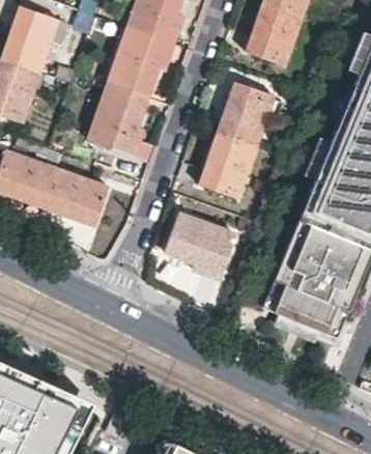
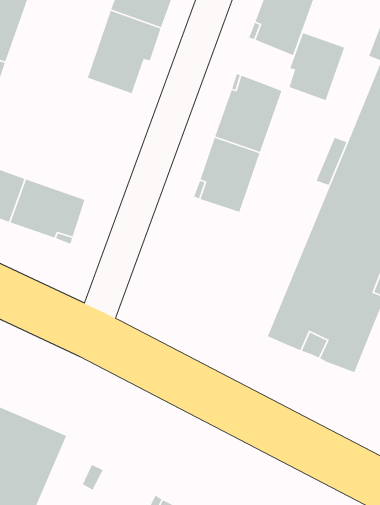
building: none -> [288,32,345,101]
building: [90,87,148,160] -> none
building: [166,216,236,280] -> none

